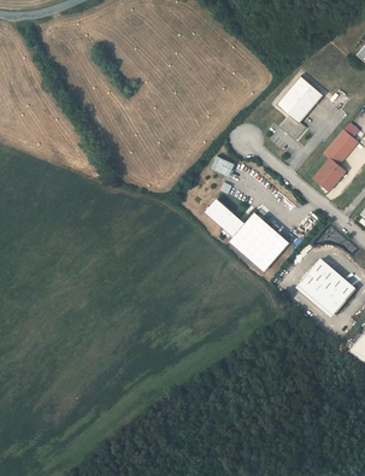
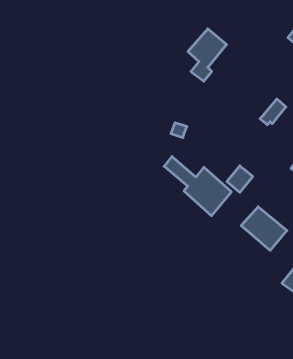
building: [276,76,323,140] -> [188,29,227,81]
building: [313,158,345,190] -> [227,166,253,192]

